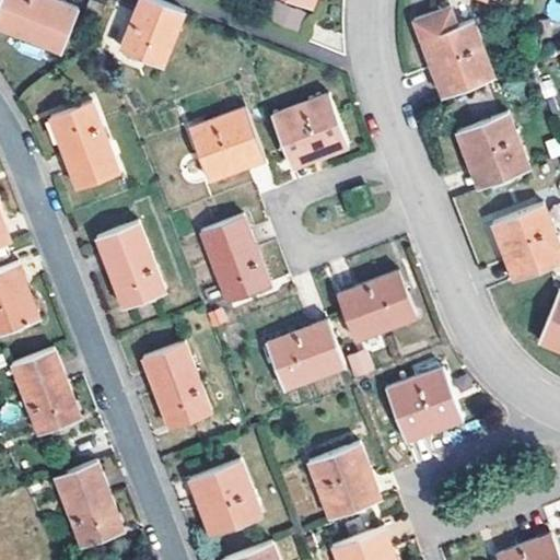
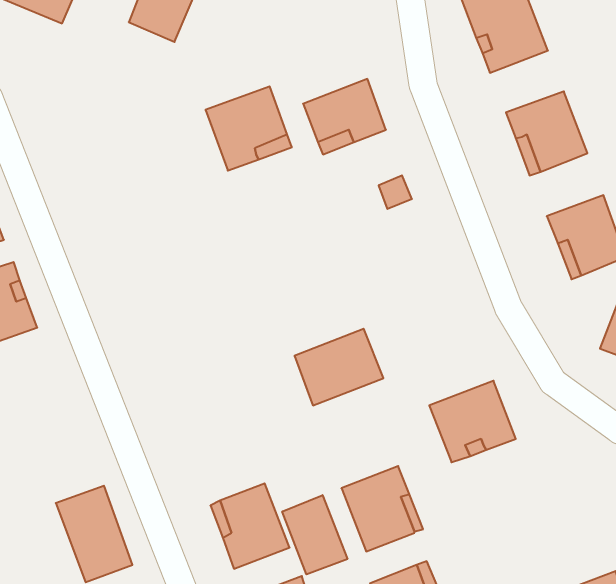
building: [51,102,121,187] -> none
building: [199,217,268,304] -> none
building: [98,222,166,307] -> none
building: [338,273,416,341] -> none
building: [143,342,212,428] -> none
building: [13,350,81,434] -> none
building: none -> [282,495,347,574]

